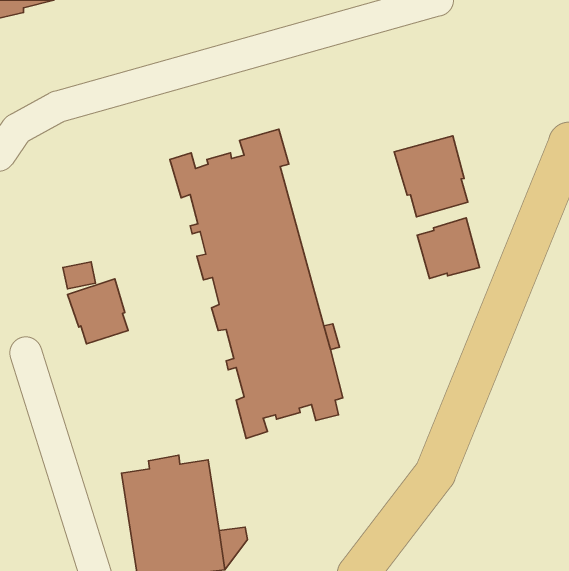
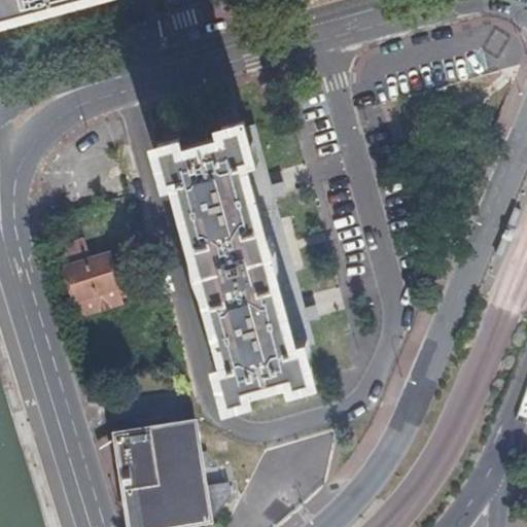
building: [394,136,468,217] -> none
building: [417,218,480,278] -> none

